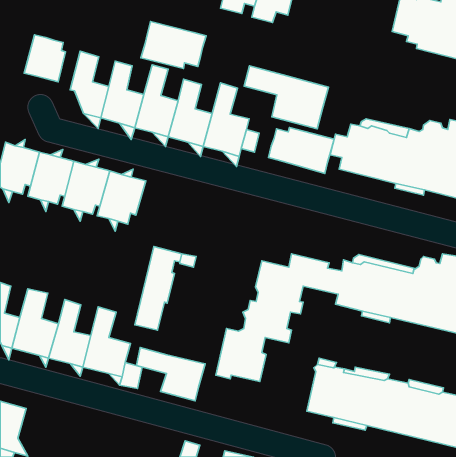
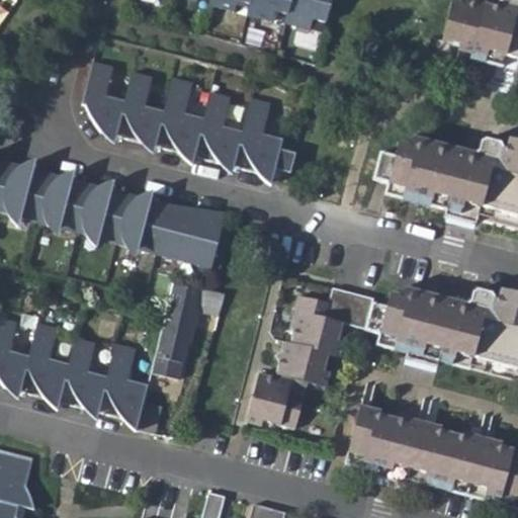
building: [141,22,206,68] -> none
building: [24,35,66,82] -> none
building: [244,66,328,129] -> none
building: [268,128,334,173] -> none
building: none -> [157,203,224,269]
building: [137,347,205,401] -> none

